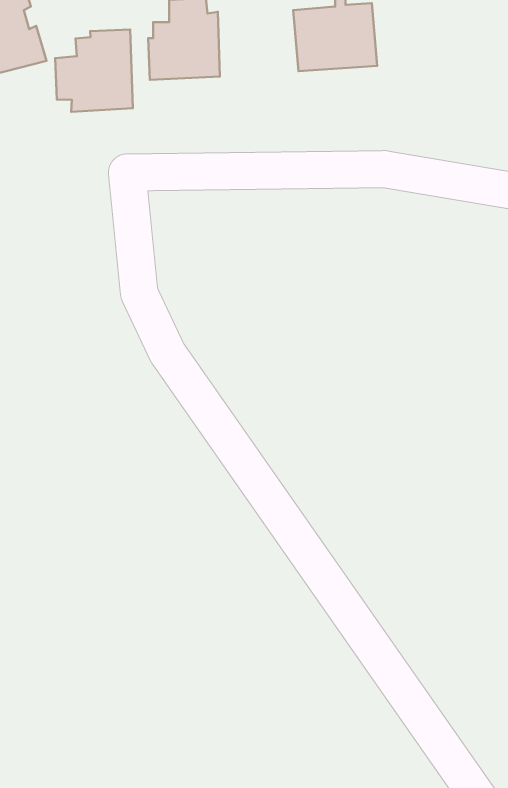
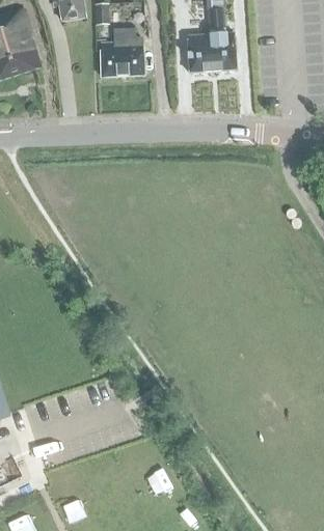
building: [55,30,133,112] -> none

